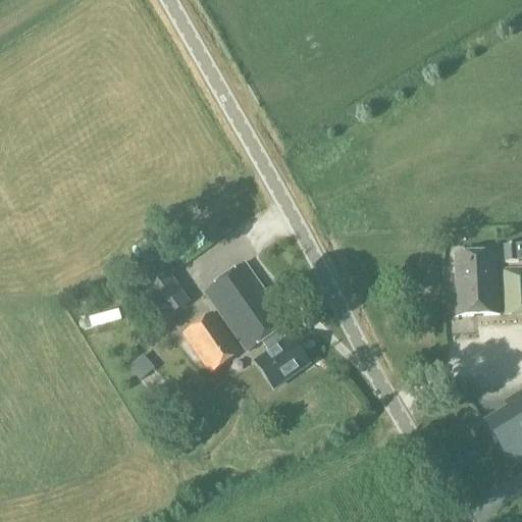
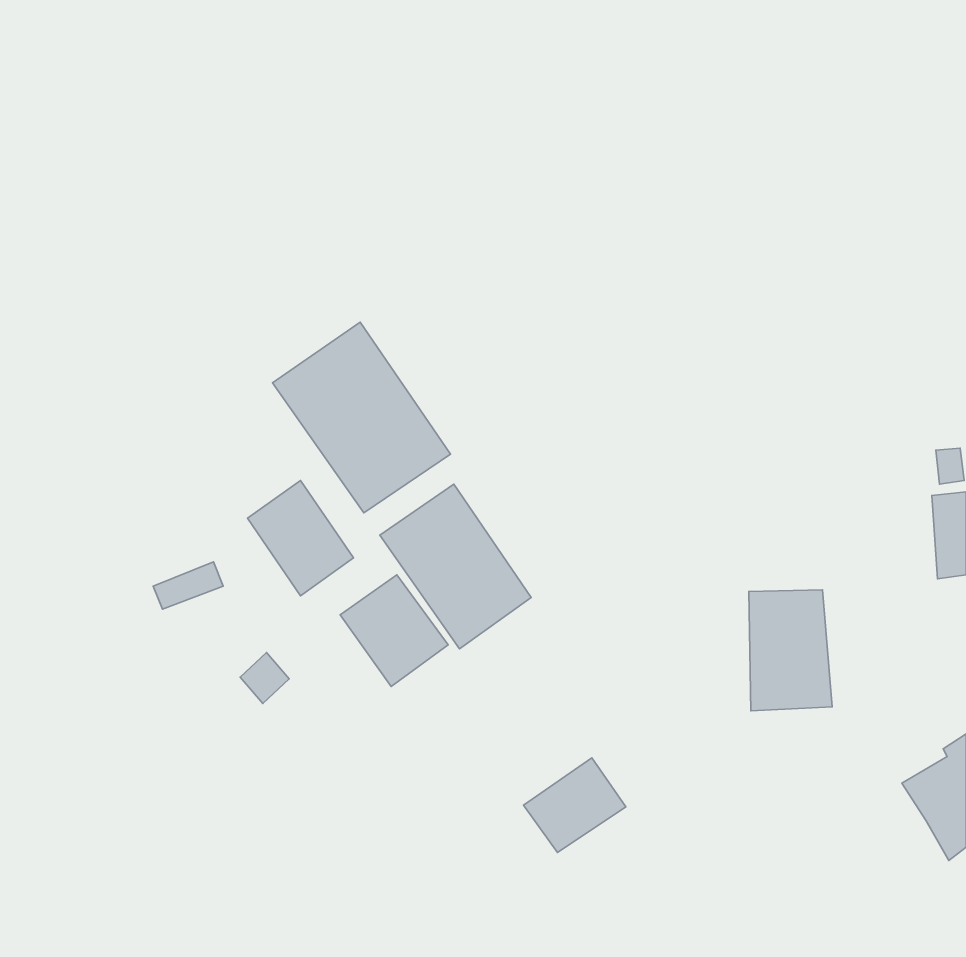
building: none -> [273,322,450,513]
building: [456,249,501,314] -> [749,590,832,711]
building: [255,335,310,386] -> [524,758,626,852]

